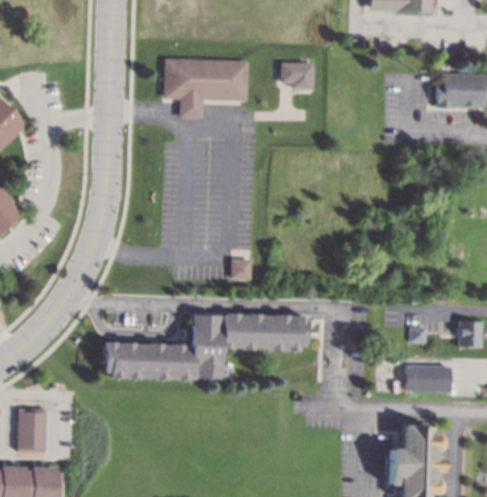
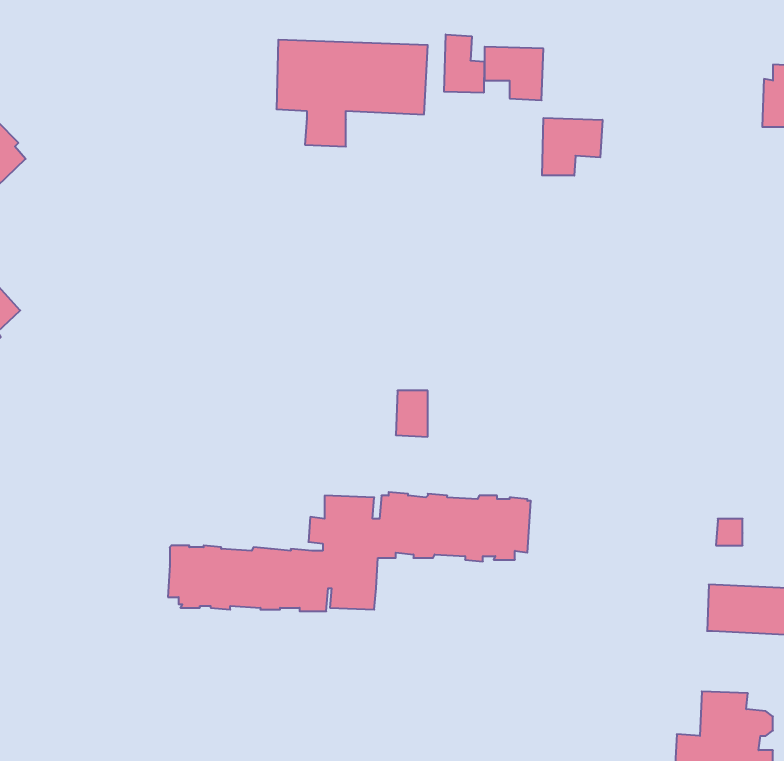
building: none -> [444,34,484,93]
building: none -> [542,118,602,176]
building: [16,407,45,451] -> none

